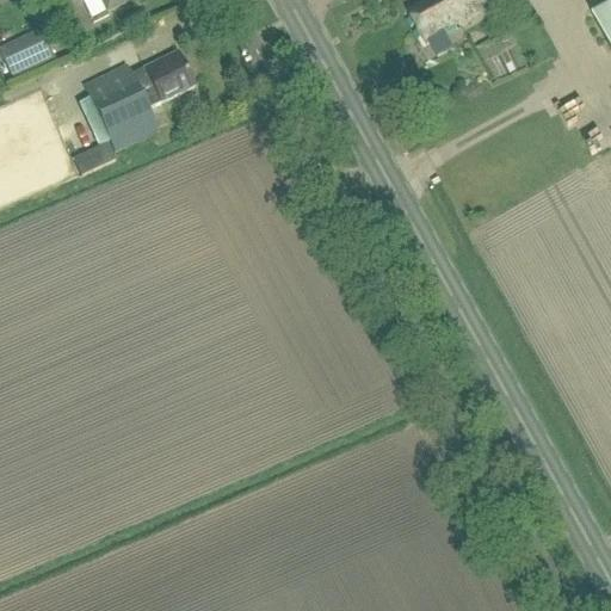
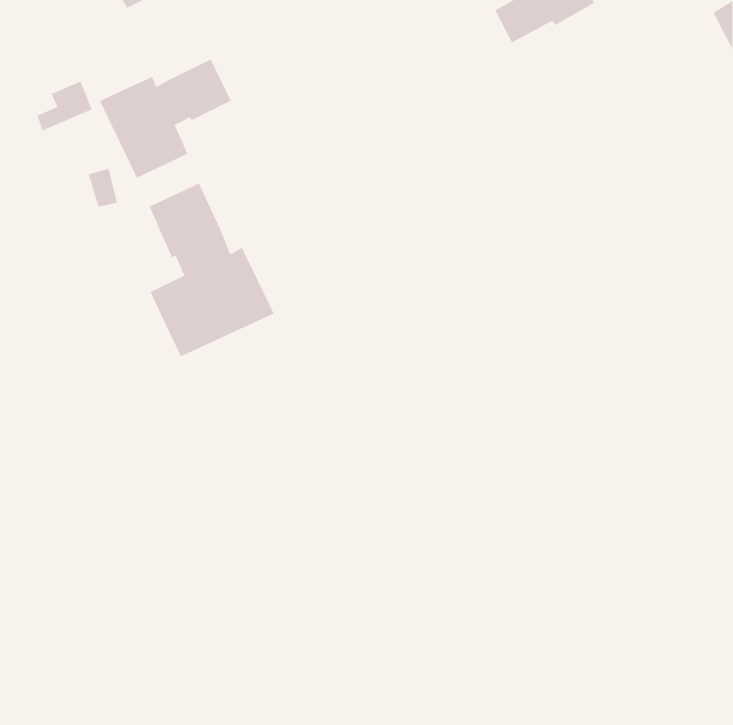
building: [10,27,56,69] -> [36,81,92,131]
building: none -> [149,183,274,357]

